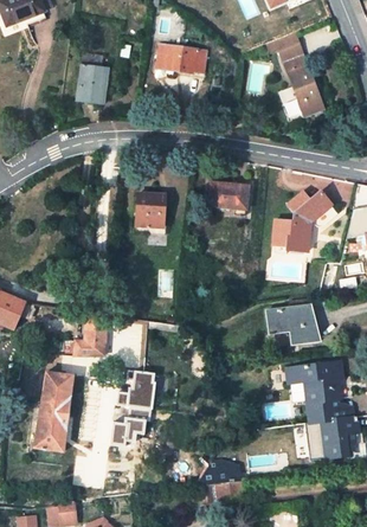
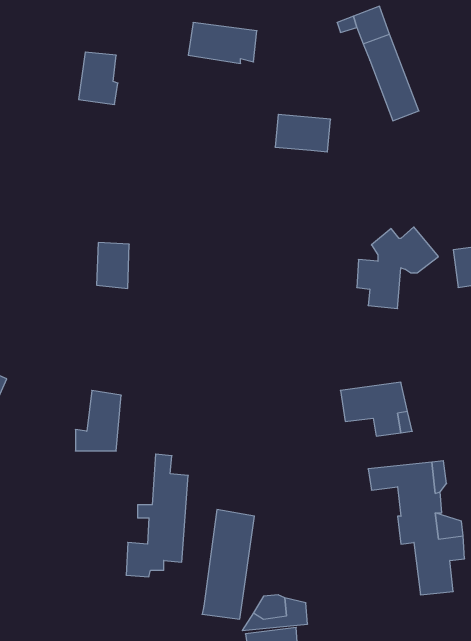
building: [208,181,249,208] -> [275,114,331,152]
building: [136,193,160,226] -> [97,243,129,288]
building: [34,372,72,451] -> [202,510,254,619]

